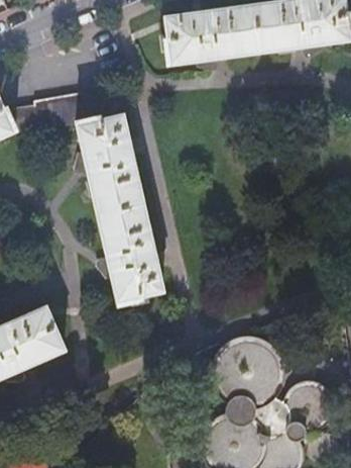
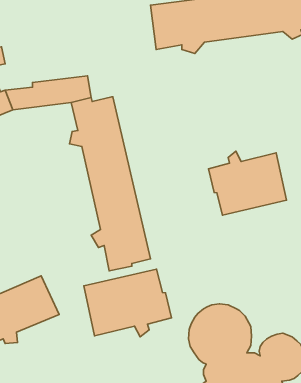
building: none -> [209,151,286,215]
building: none -> [84,269,171,337]

